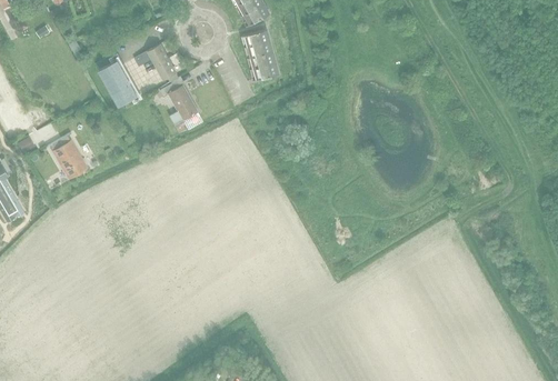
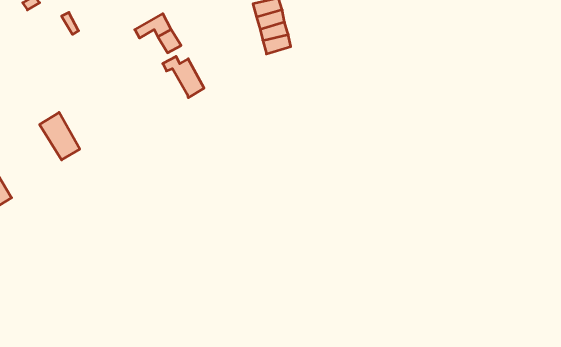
building: [99,58,138,103] -> none

